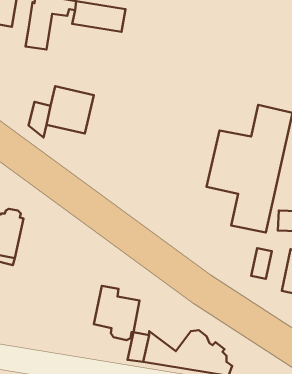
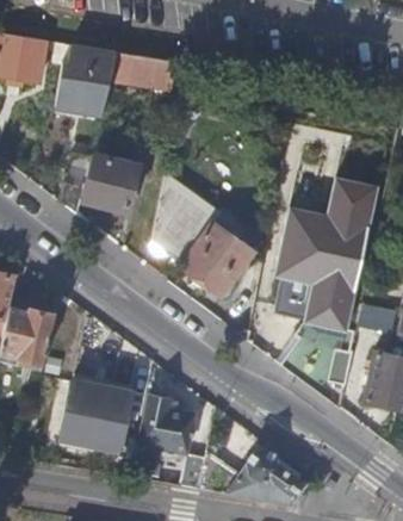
building: none -> [151,172,255,298]
building: none -> [62,383,128,451]

